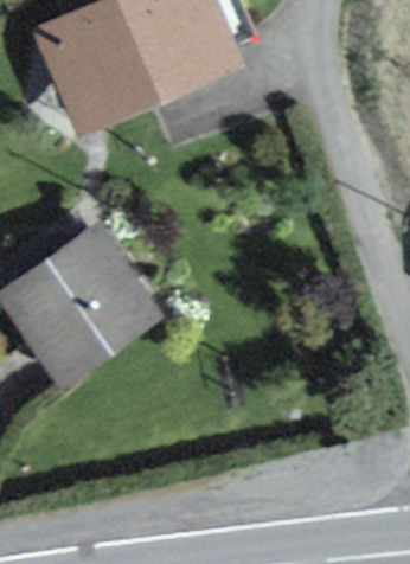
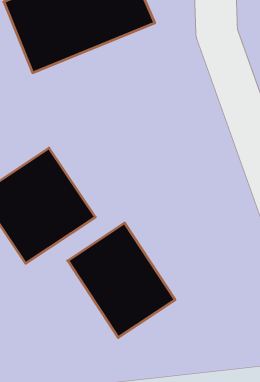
building: none -> [68,223,175,338]

